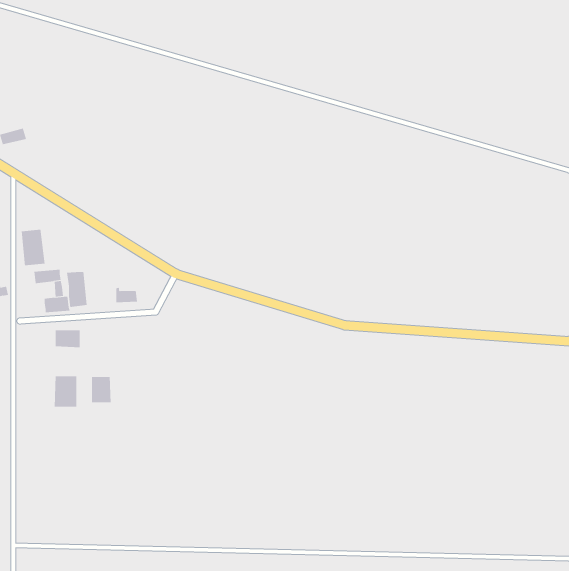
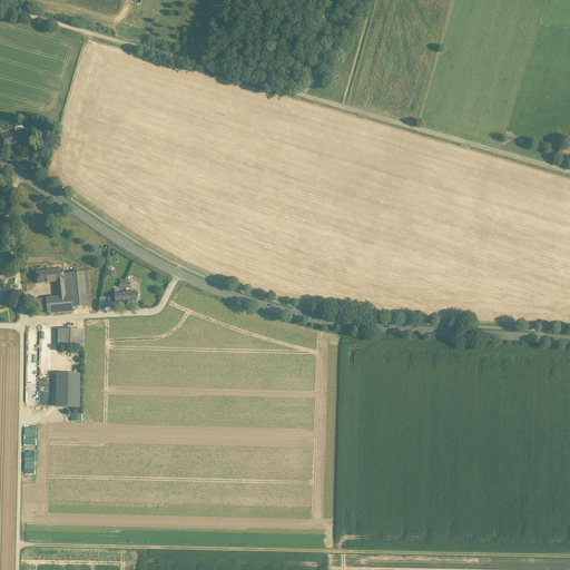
building: [21,229,45,266] -> none
building: [91,376,111,403] -> none

